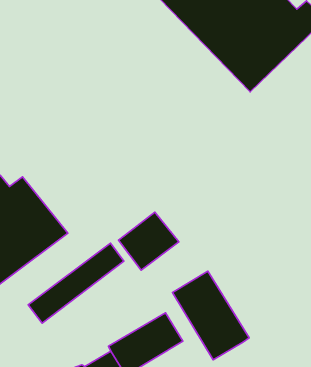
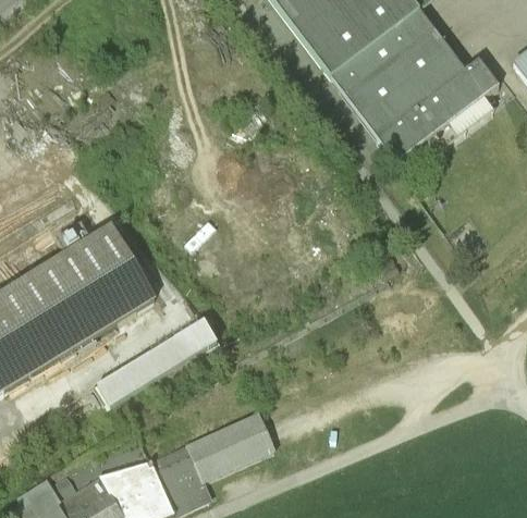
building: [119,212,179,270] -> none
building: [172,271,249,360] -> none

